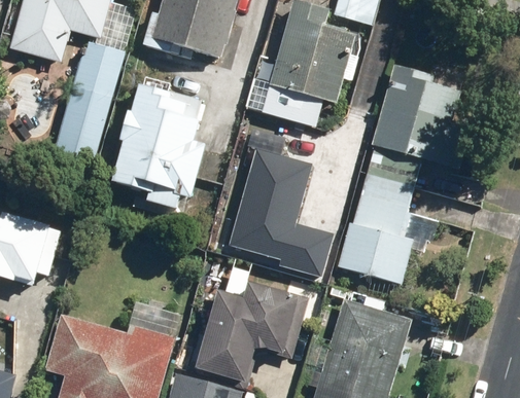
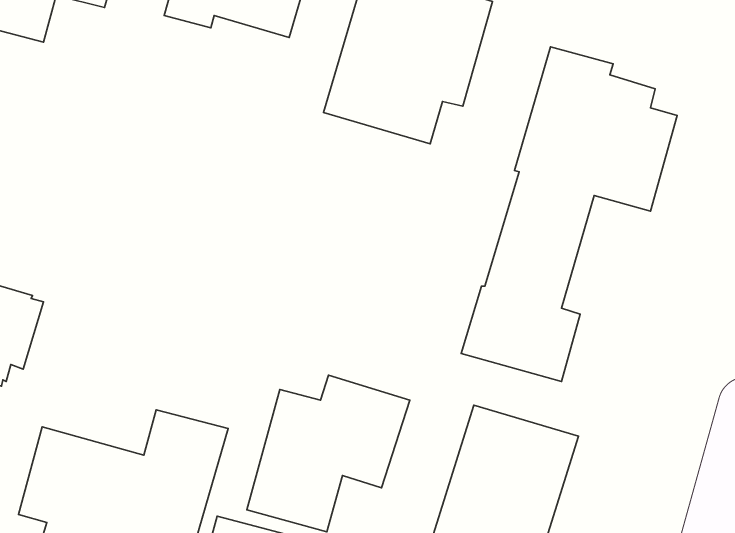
building: [55,42,125,161] -> none
building: [113,76,208,210] -> none
building: [228,149,334,276] -> none

